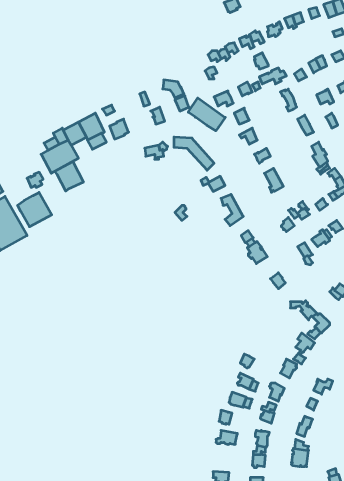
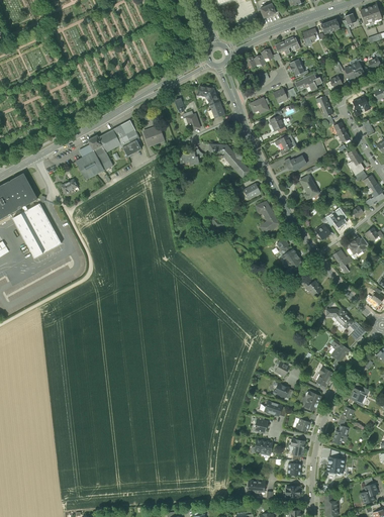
building: [188,98,225,131] -> none
building: [55,161,83,191] -> none
building: [18,192,52,227] -> none

